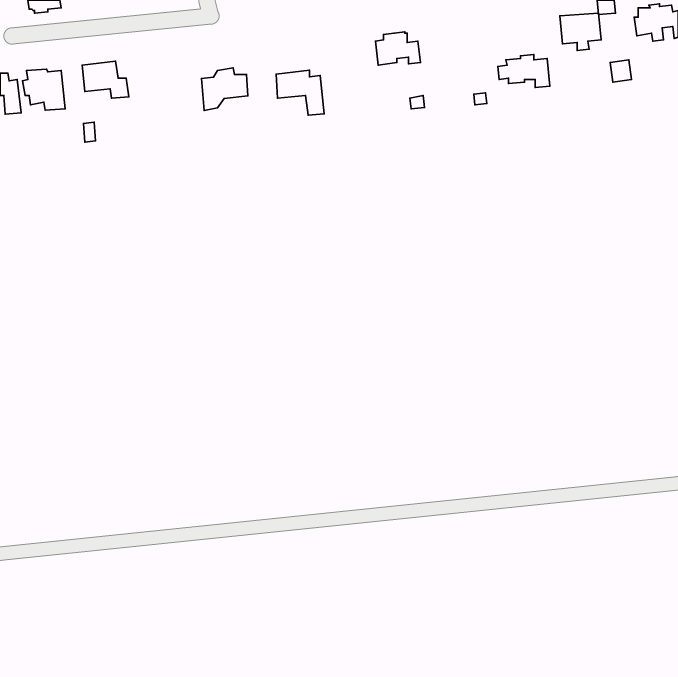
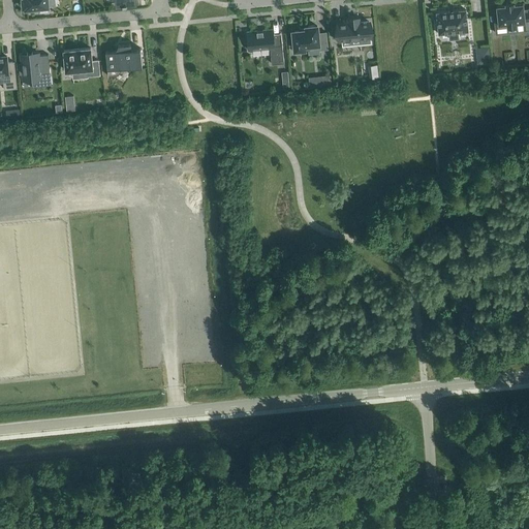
building: [498,54,550,88] -> [331,20,371,45]
building: [201,68,248,110] -> [105,44,142,77]
building: [276,70,324,115] -> [247,30,284,65]

